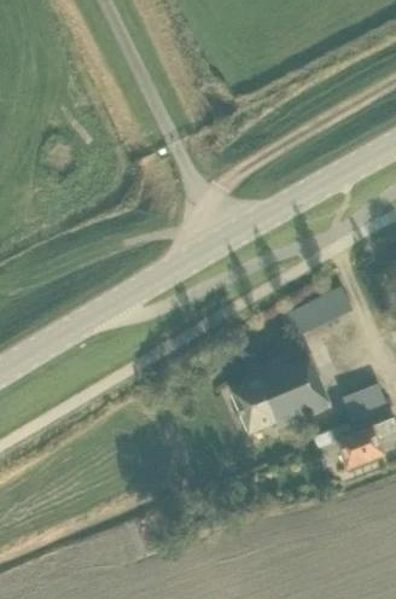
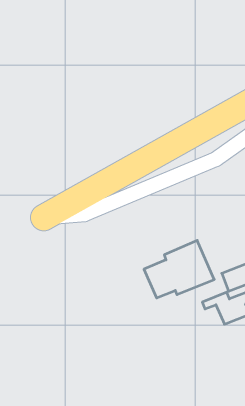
building: [281,287,351,338] -> none

